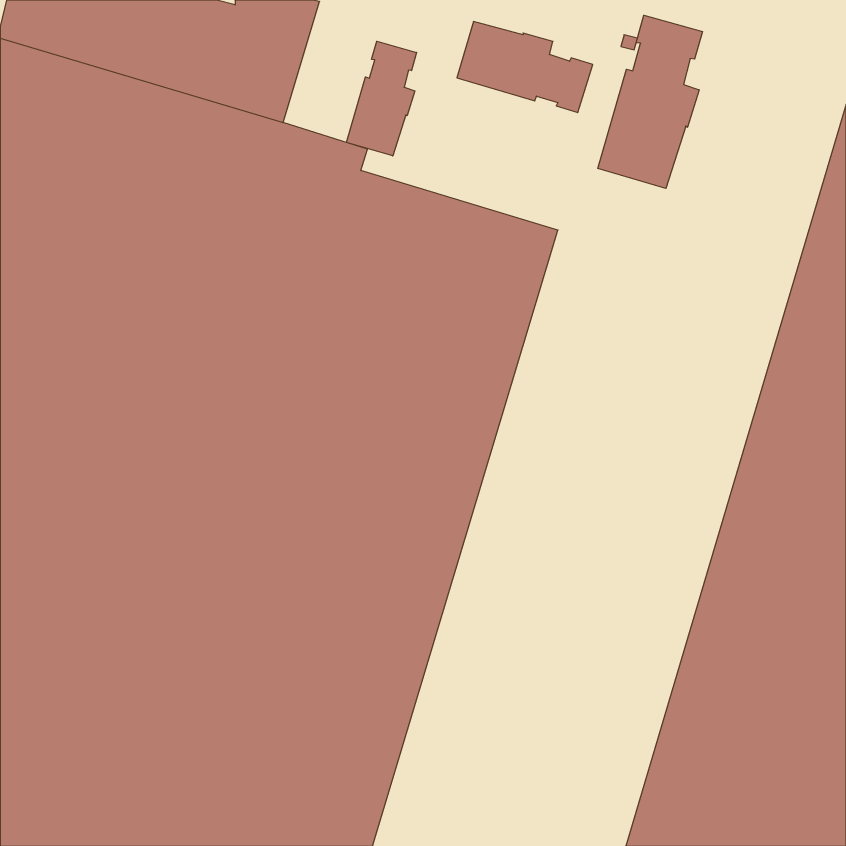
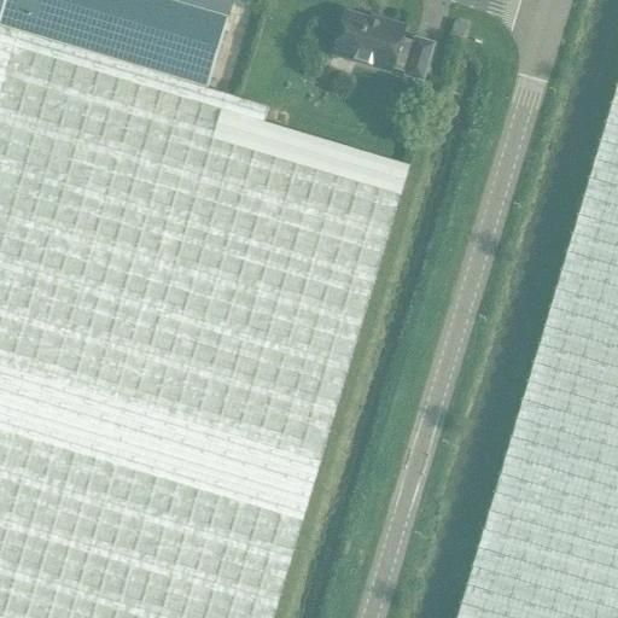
building: [598,15,702,188] -> none
building: [346,41,417,156] -> none

